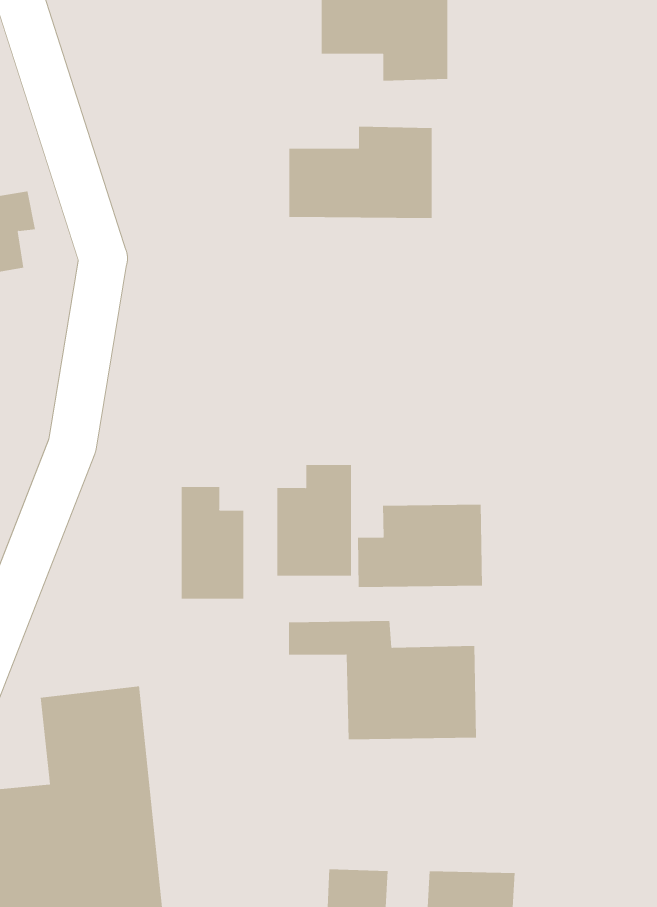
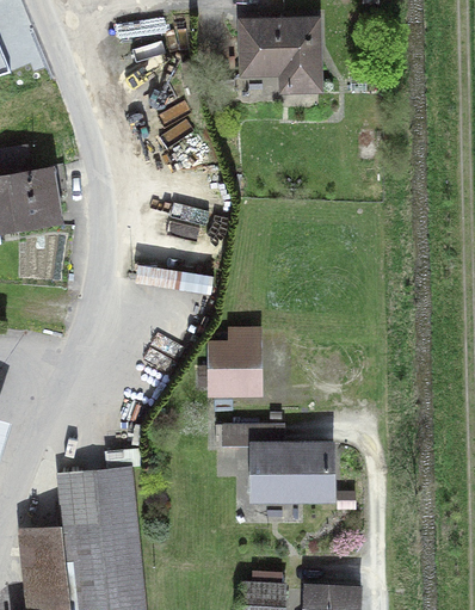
building: [289,126,432,219] -> none
building: [181,486,244,599] -> none
building: [357,504,483,588] -> none

